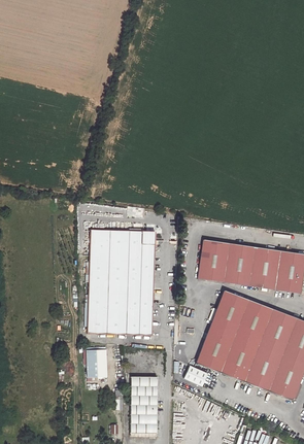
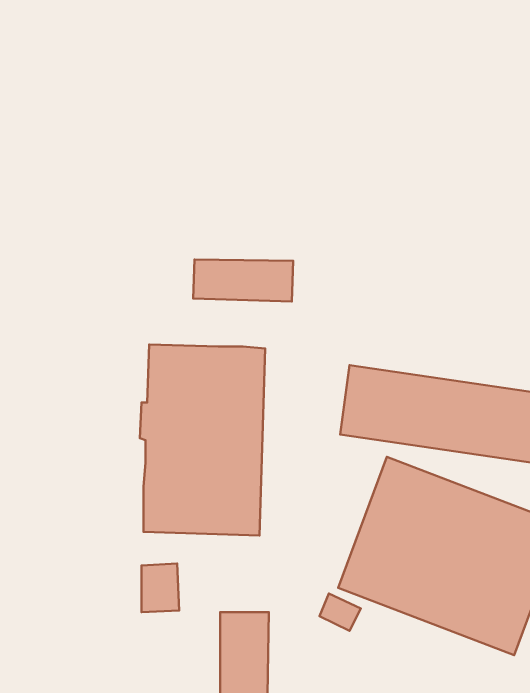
building: none -> [193,260,293,301]

